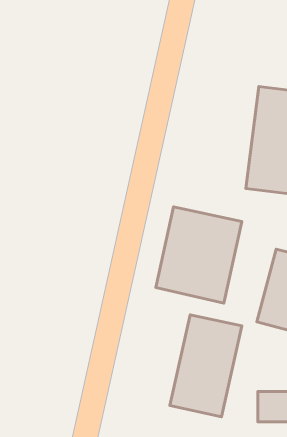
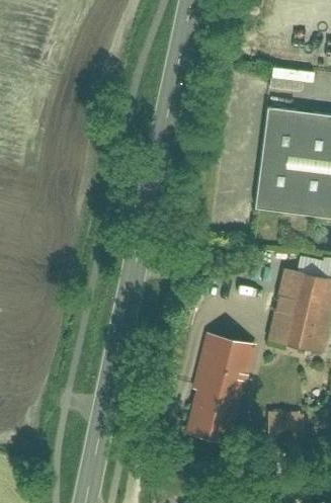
building: [156,207,242,303] -> none

